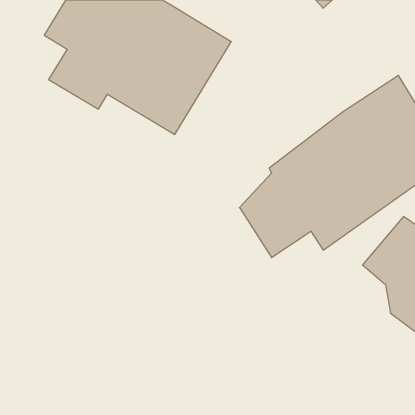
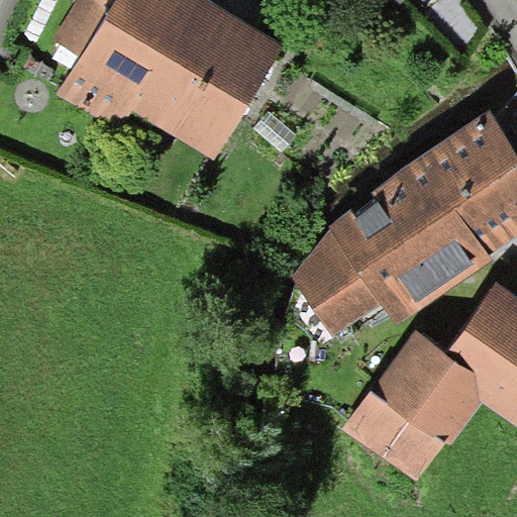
building: none -> [347,320,486,480]

